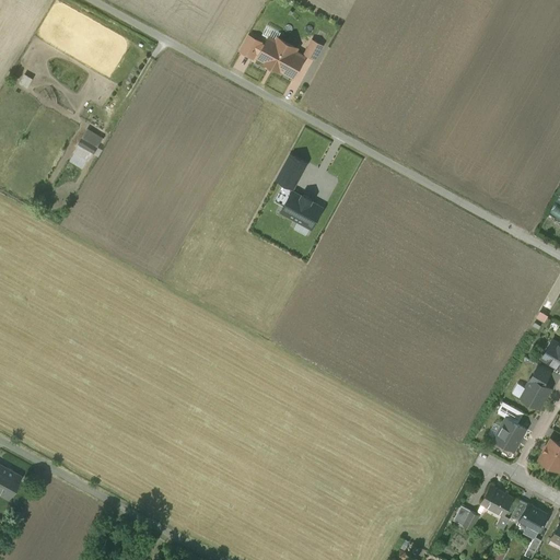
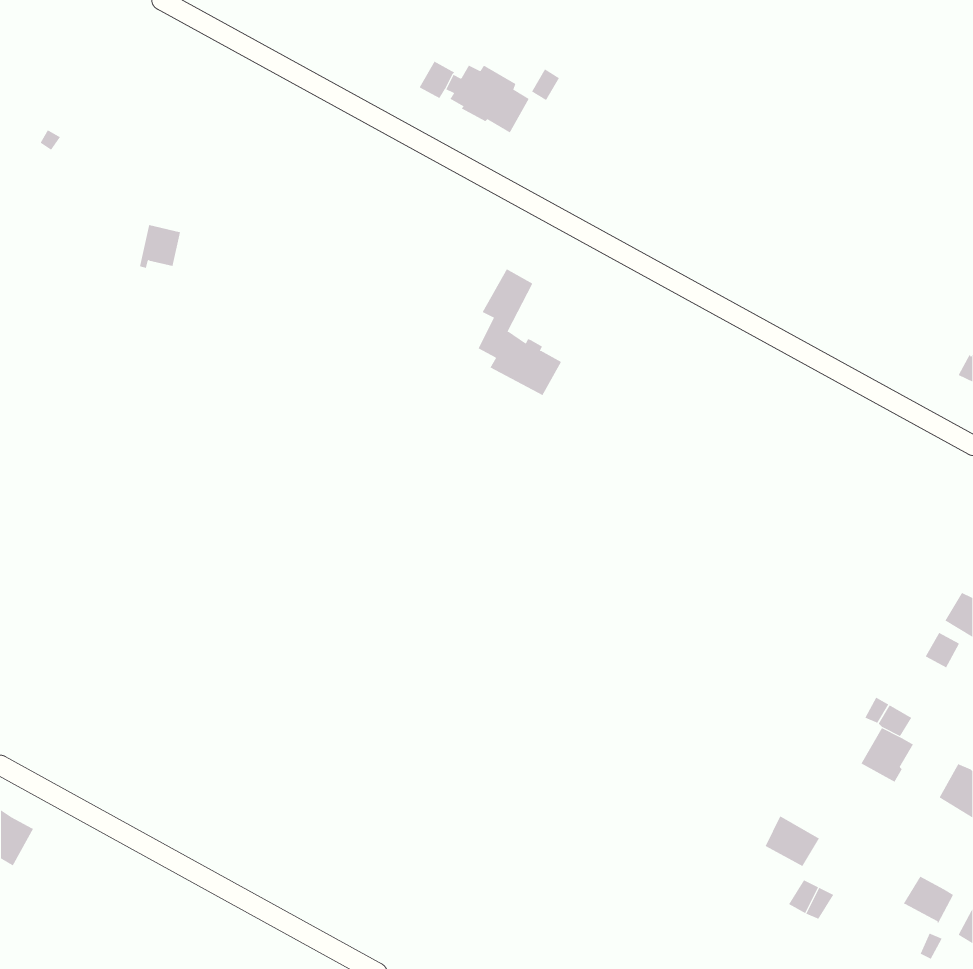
building: [521,380,549,409] -> none
building: [481,487,513,516] -> [765,816,820,867]

